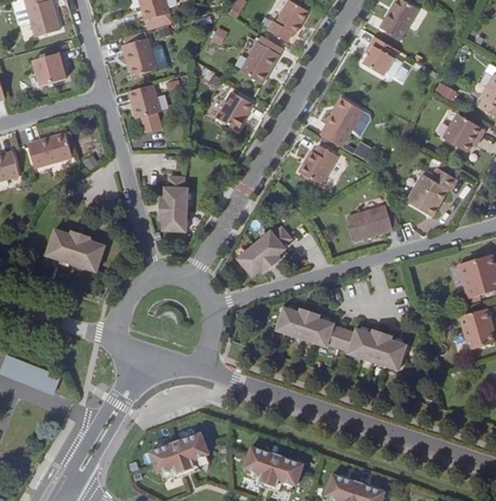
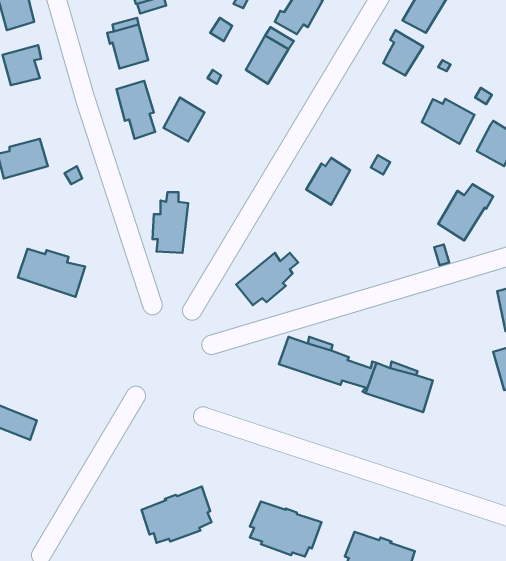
building: [218,89,253,127] -> [163,98,205,141]
building: none -> [422,99,475,144]
building: [316,106,356,149] -> none
building: [344,205,389,239] -> none

